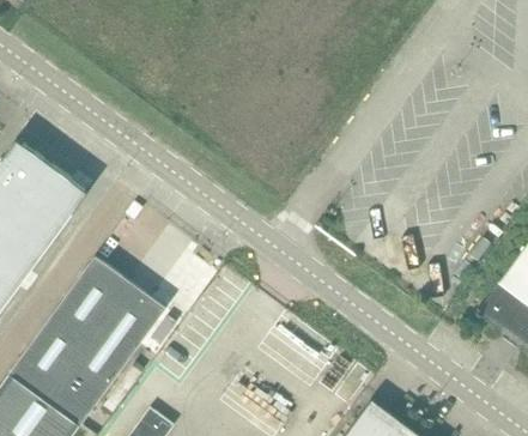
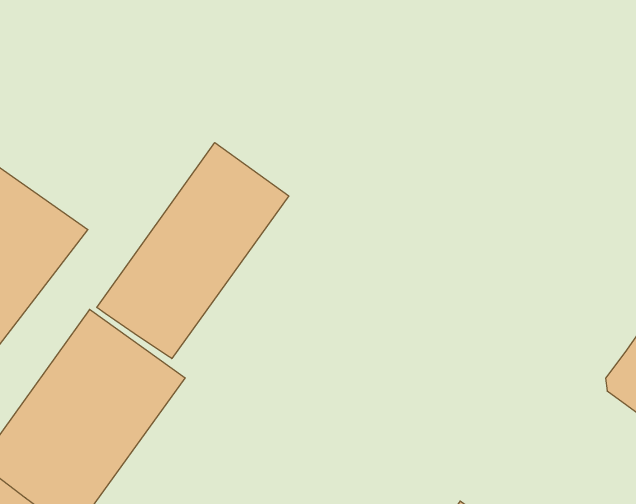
building: none -> [97,143,289,359]

